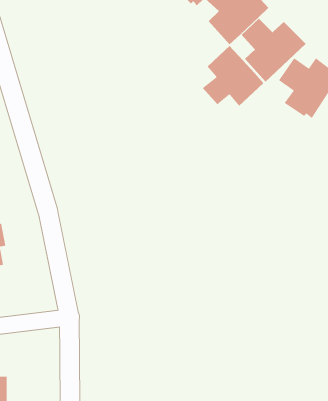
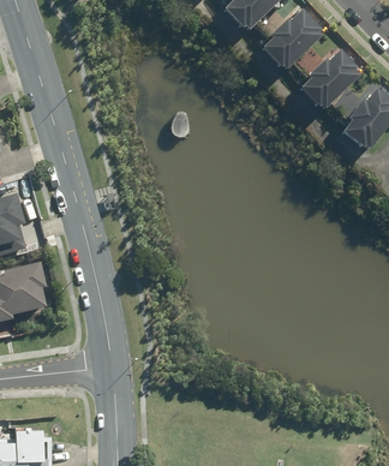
building: [202,45,264,107] -> none

